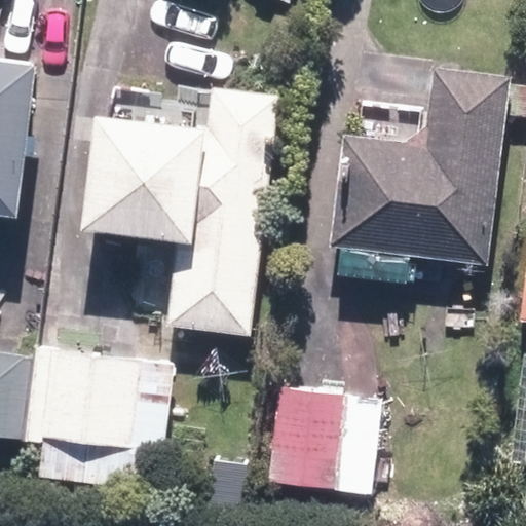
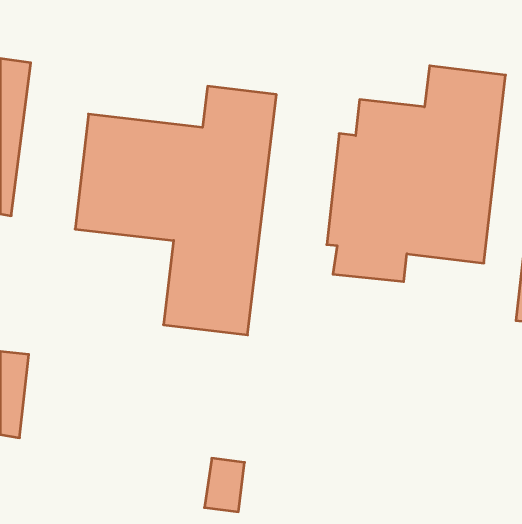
building: [26,346,174,488] -> none
building: [269,388,383,495] -> none

